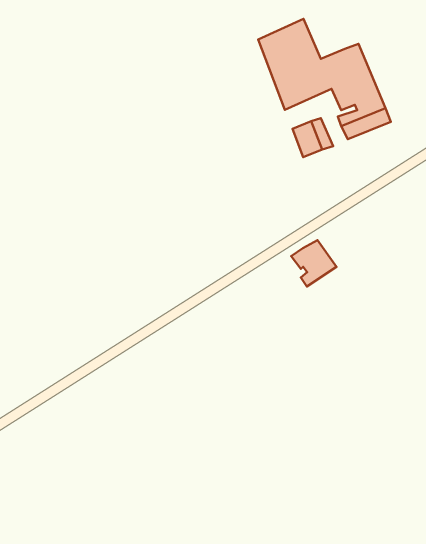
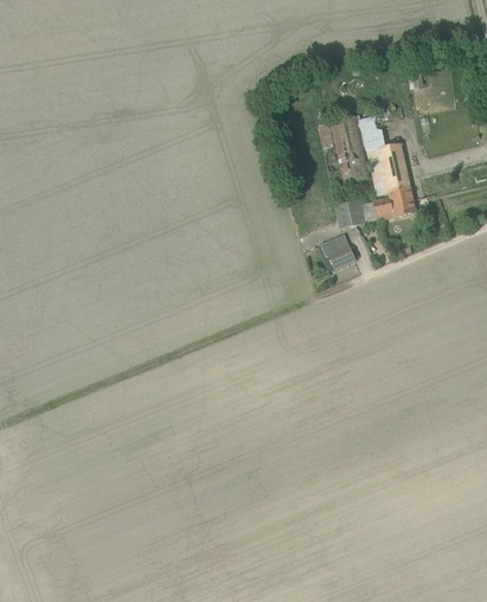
building: [291,240,336,287] -> [321,235,357,271]

